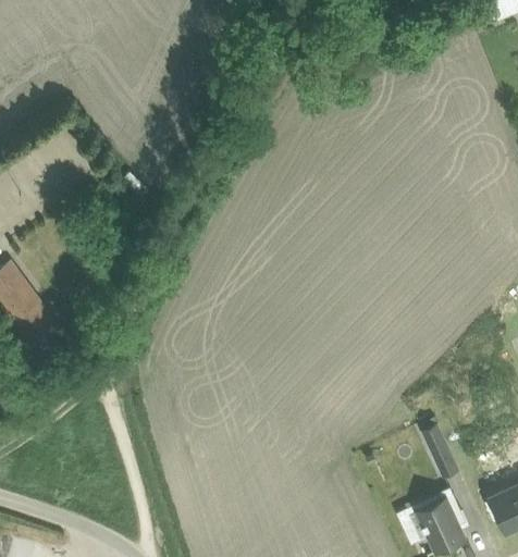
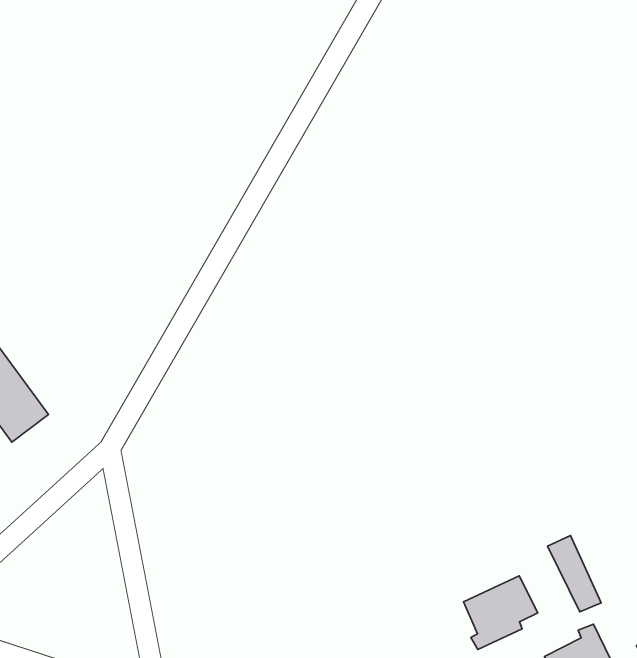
building: none -> [463,576,538,650]

